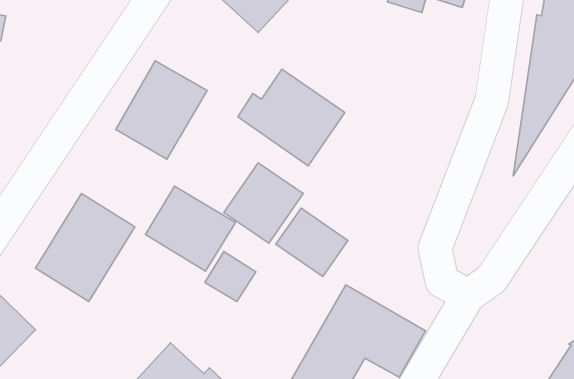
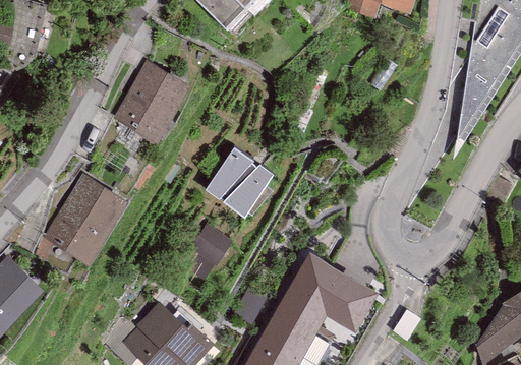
building: [238,69,345,166] -> none
building: [145,186,235,271] -> none
building: [276,208,348,276] -> none

